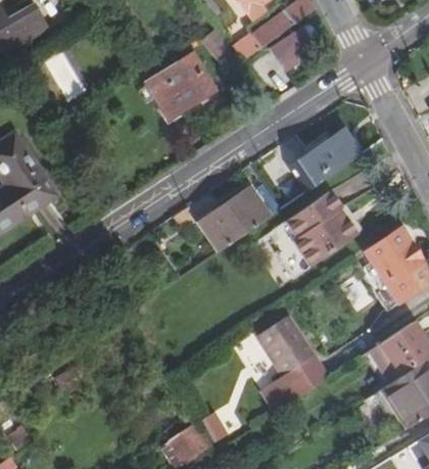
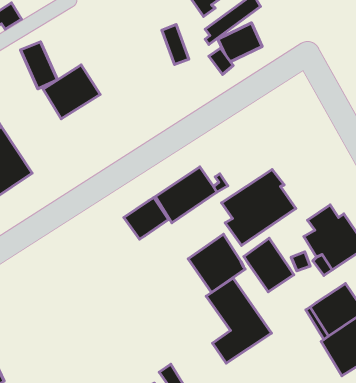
building: [149,54,213,115] -> [43,65,100,119]
building: [296,128,364,187] -> none
building: none -> [124,197,169,239]
building: none -> [188,234,245,293]
building: none -> [244,238,294,292]

